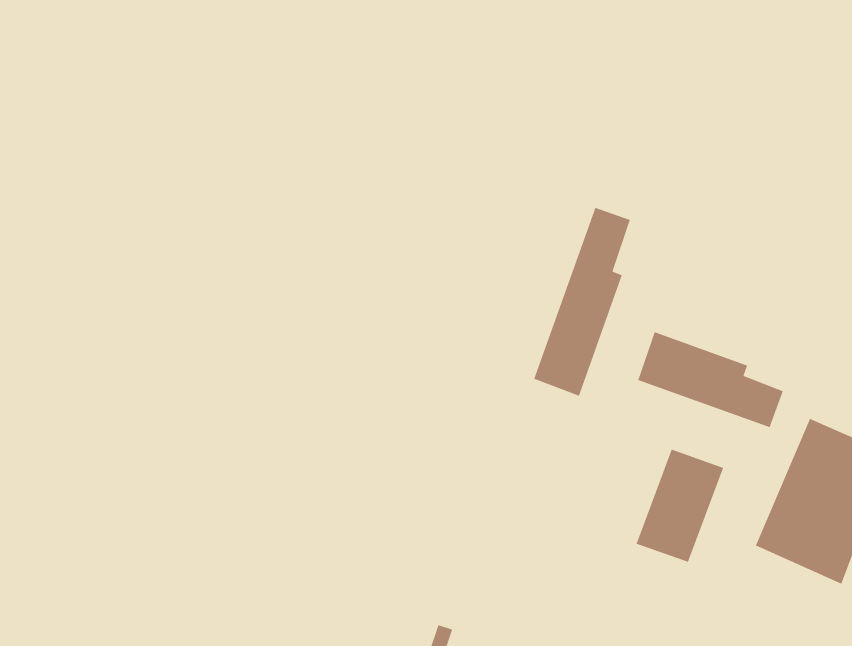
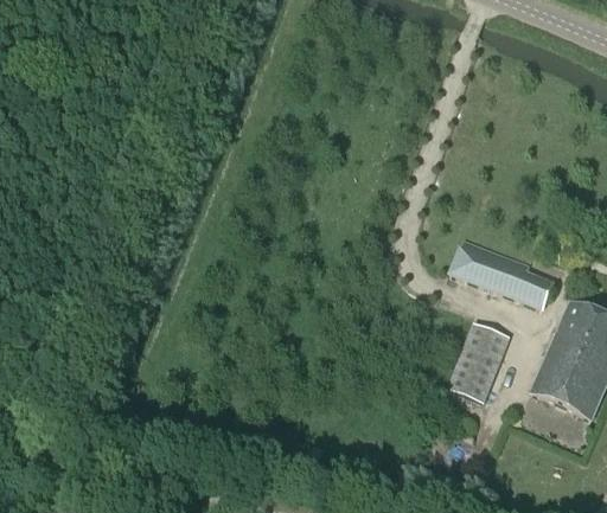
building: [533,207,631,397] -> none

